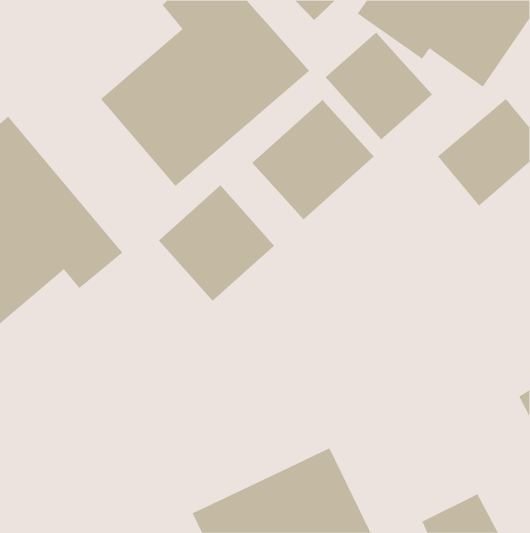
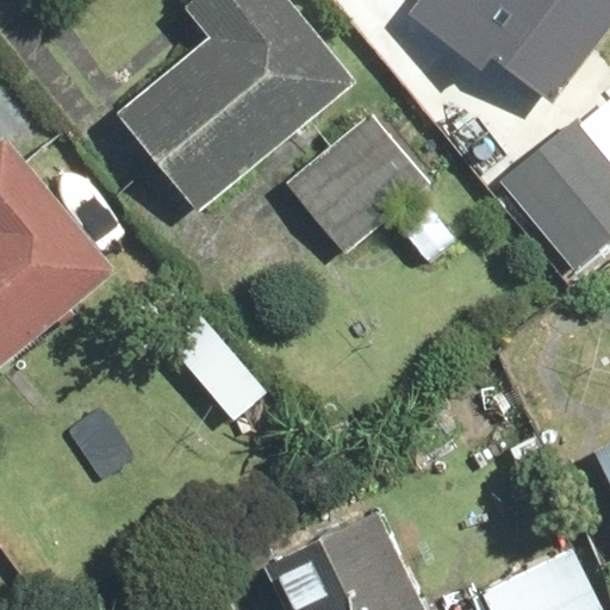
building: [325,32,433,140] -> none
building: [158,185,275,302] -> none

